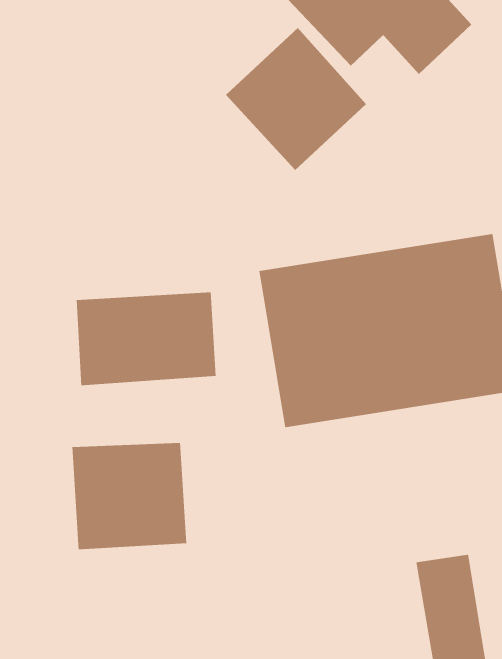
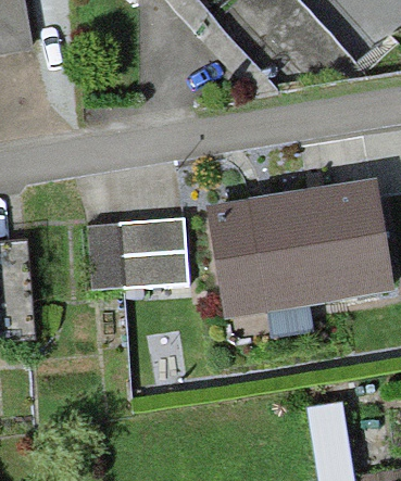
building: [225,27,367,171] -> none
building: [72,442,187,550] -> none

